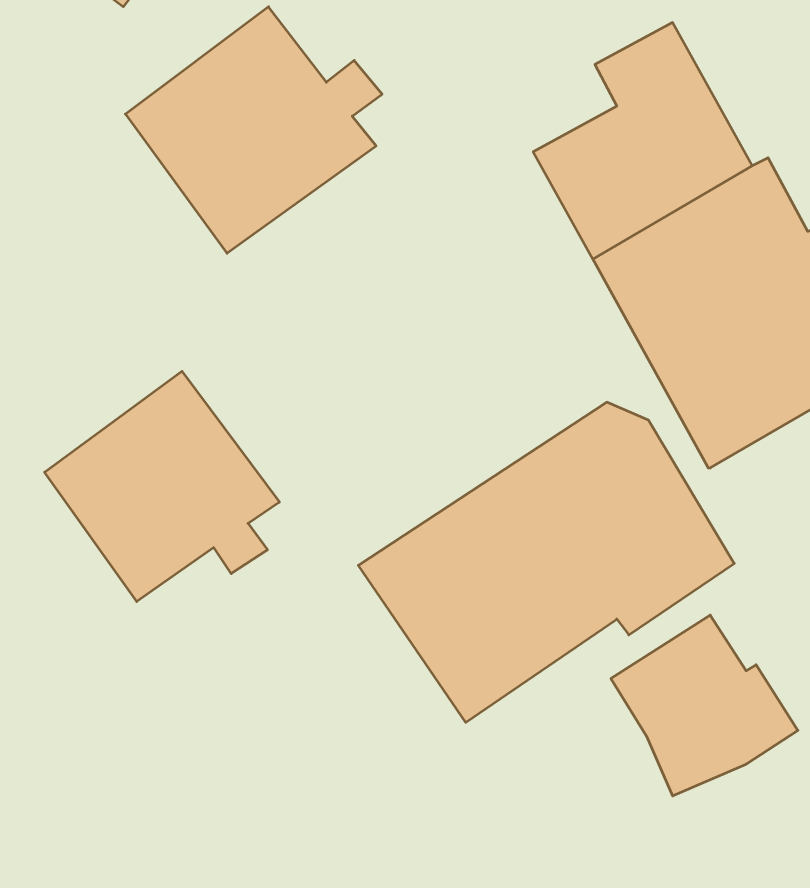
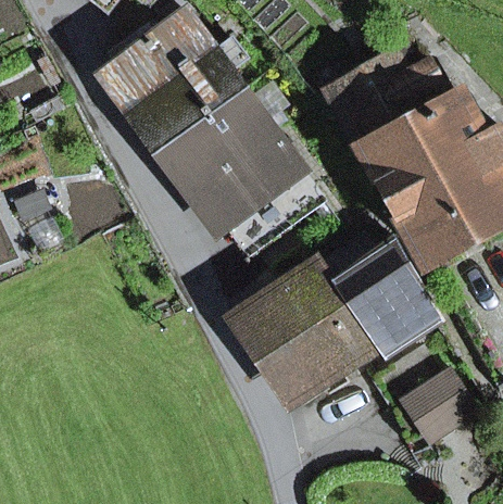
building: none -> [165,90,325,249]
building: [45,371,279,602] -> none

